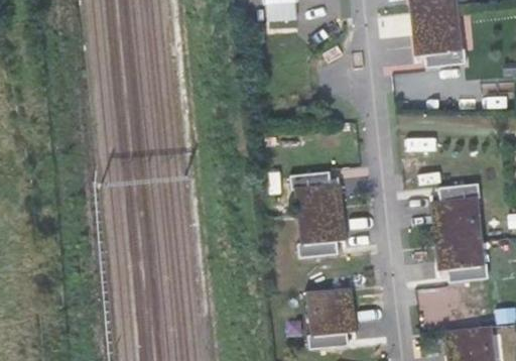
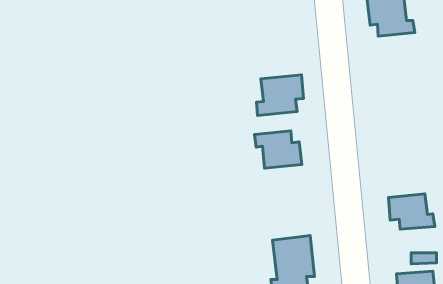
building: none -> [257,75,303,115]
building: [432,184,481,245] -> none
building: [297,209,346,259] -> none

